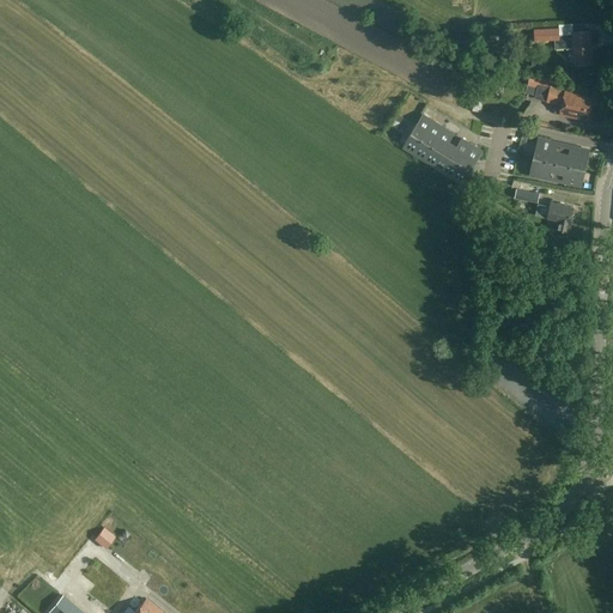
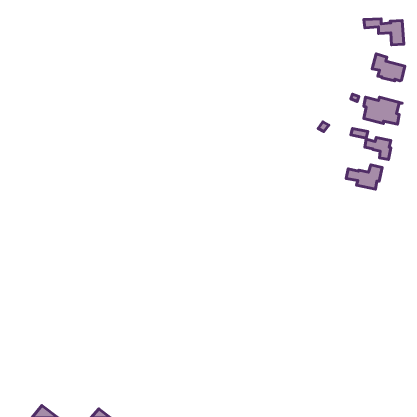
building: [405,115,480,178] -> none
building: none -> [346,165,382,189]

